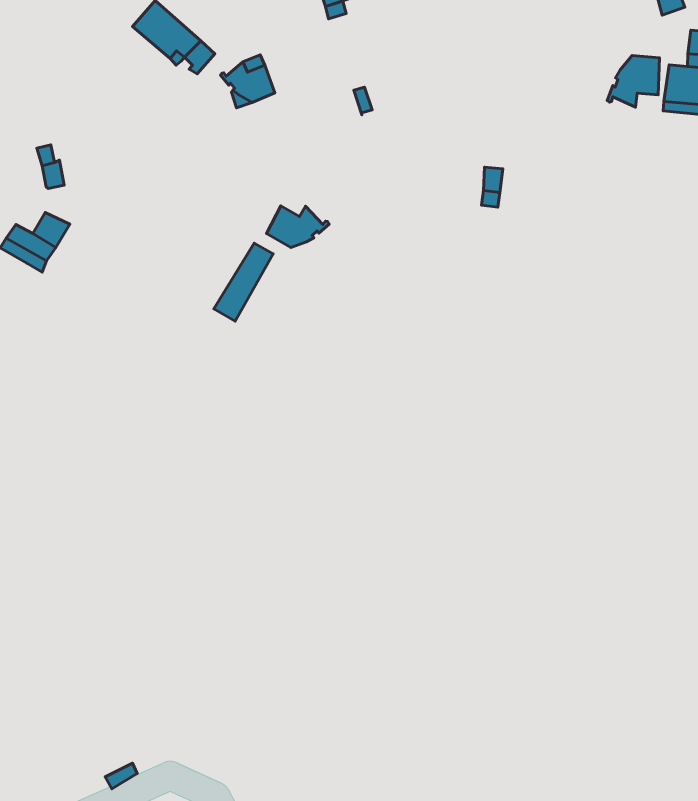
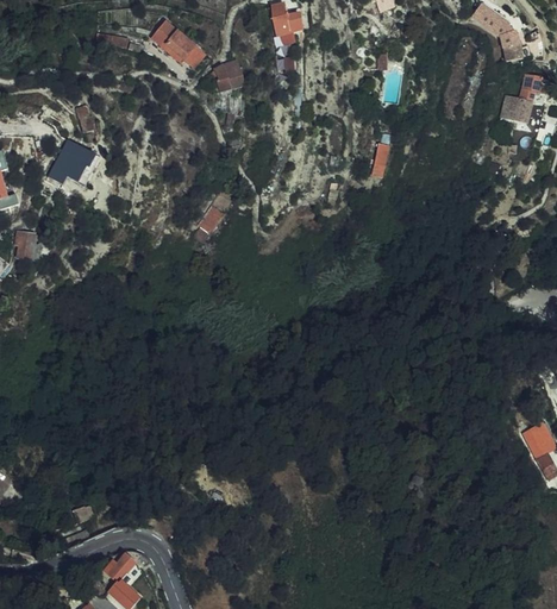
building: [607,56,660,107] -> none
building: [267,206,329,248] -> none

